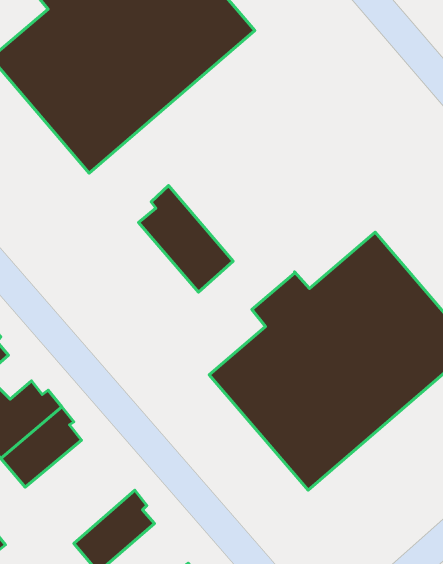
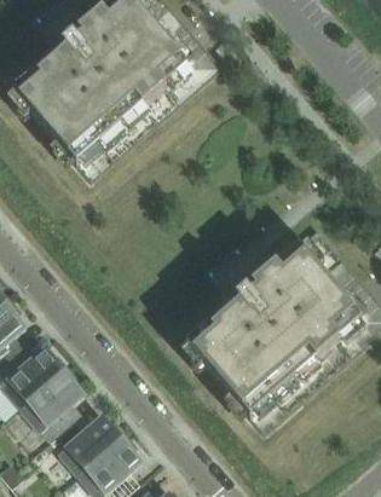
building: [139,186,233,292] -> none
building: none -> [56,416,125,478]

